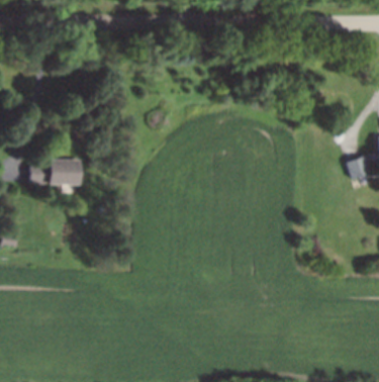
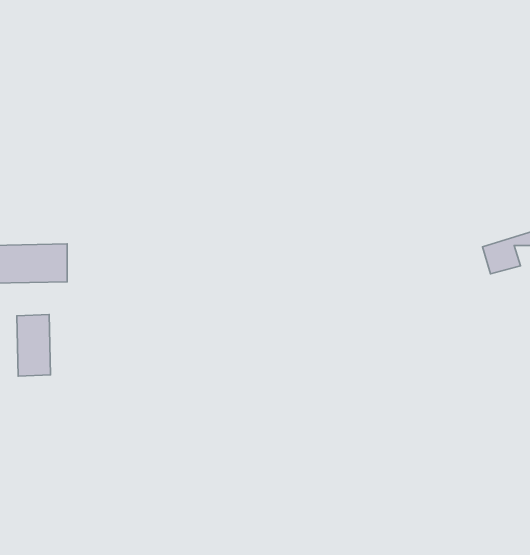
building: none -> [17,315,51,376]

